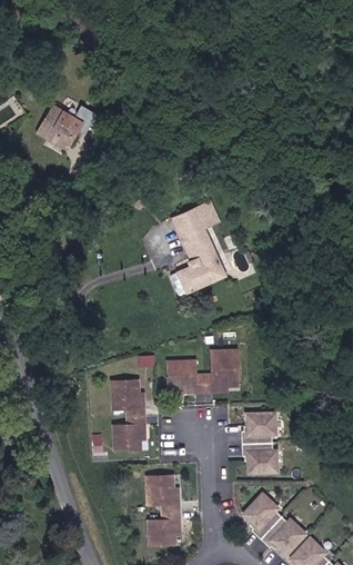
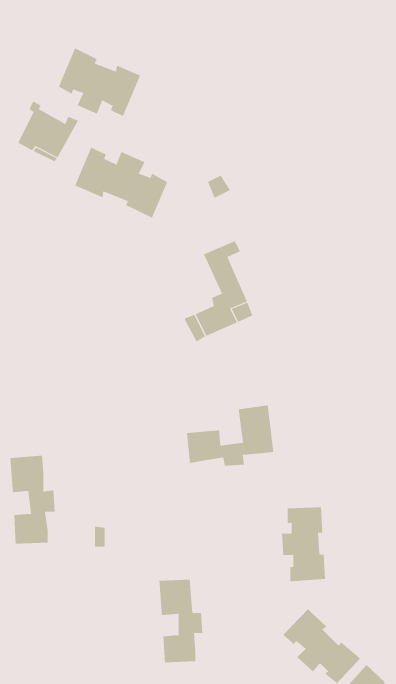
building: none -> [58,47,141,117]
building: none -> [75,147,168,219]
building: [109,381,145,453] -> [9,455,55,544]

